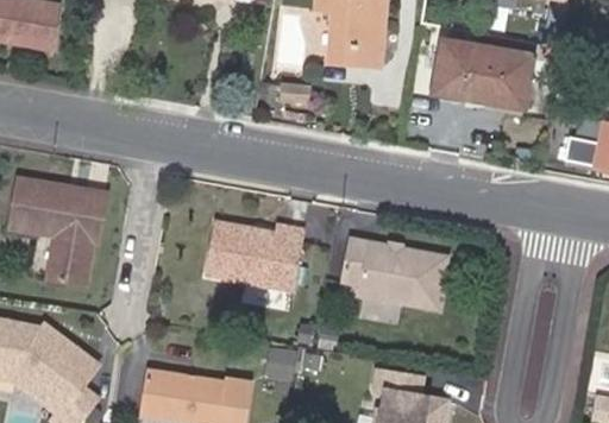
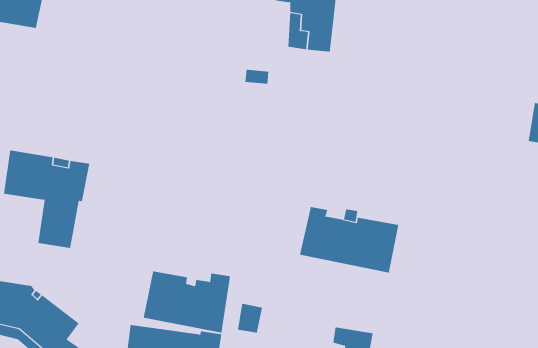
building: [434,38,533,108] -> none
building: [206,222,303,291] -> [143,271,231,333]

